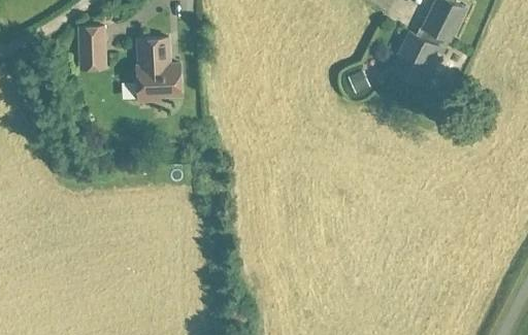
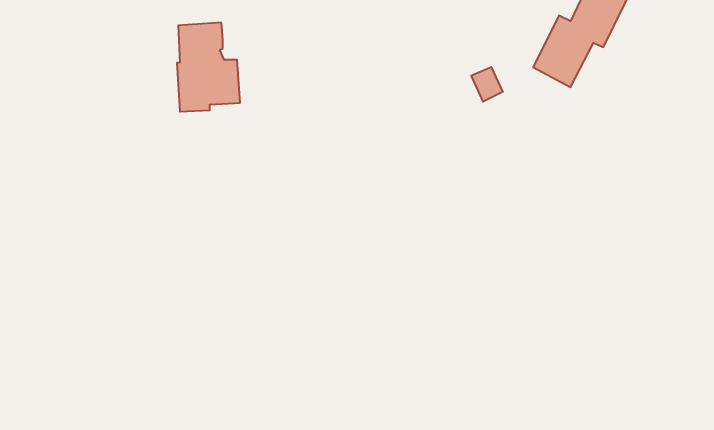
building: [79,26,105,68] -> none

